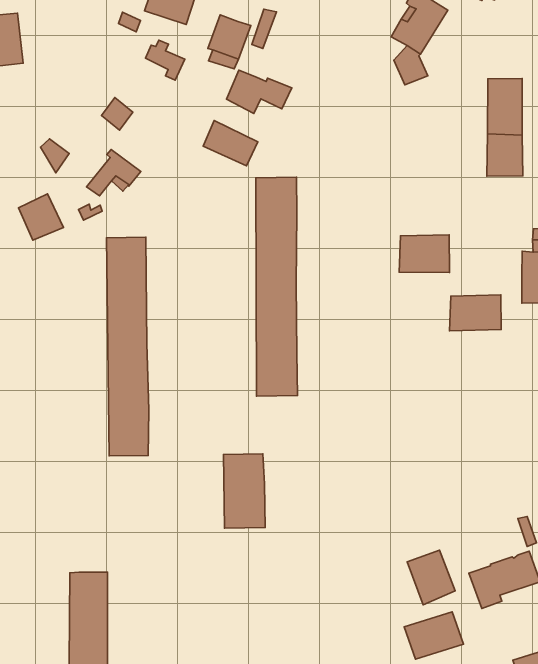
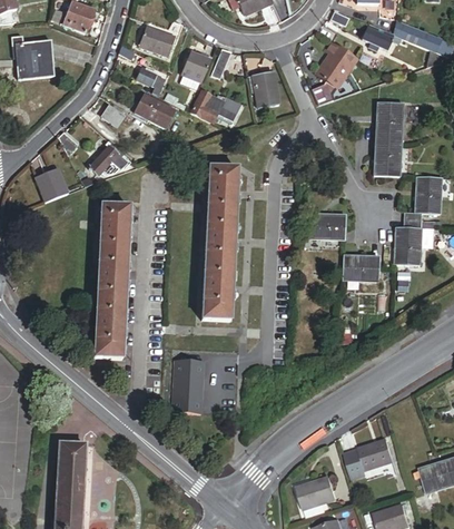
building: none -> [254,71,279,107]
building: [203,121,258,166] -> [135,91,174,125]
building: [407,550,455,605] -> none

